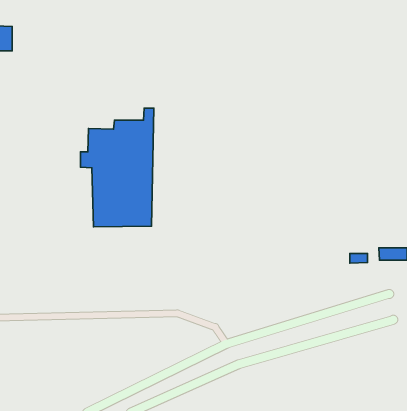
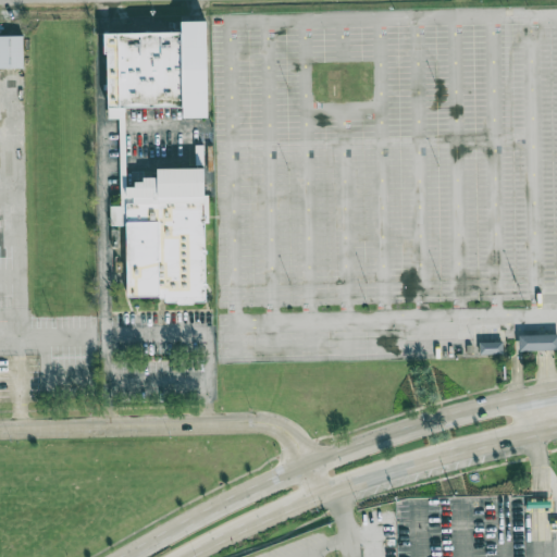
building: none -> [107,15,211,117]

